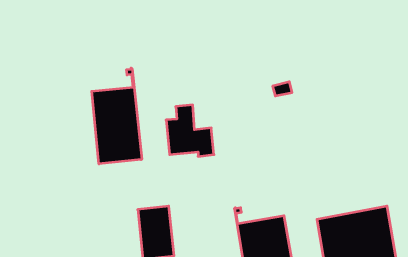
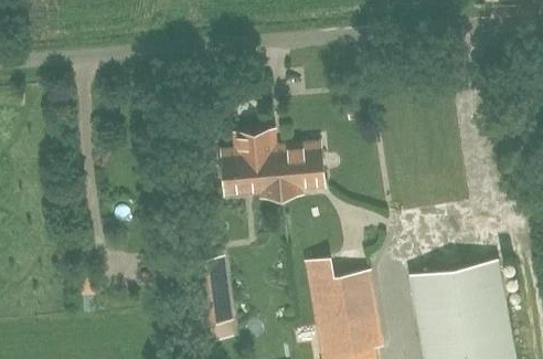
building: [92,68,142,164] -> none
building: none -> [256,135,323,198]

